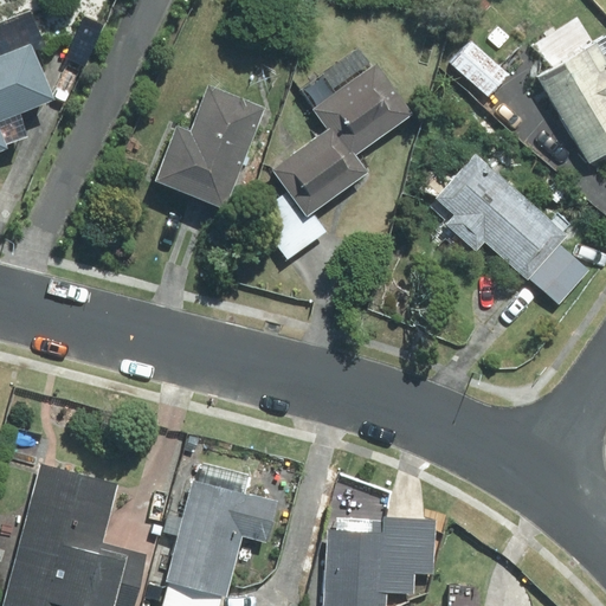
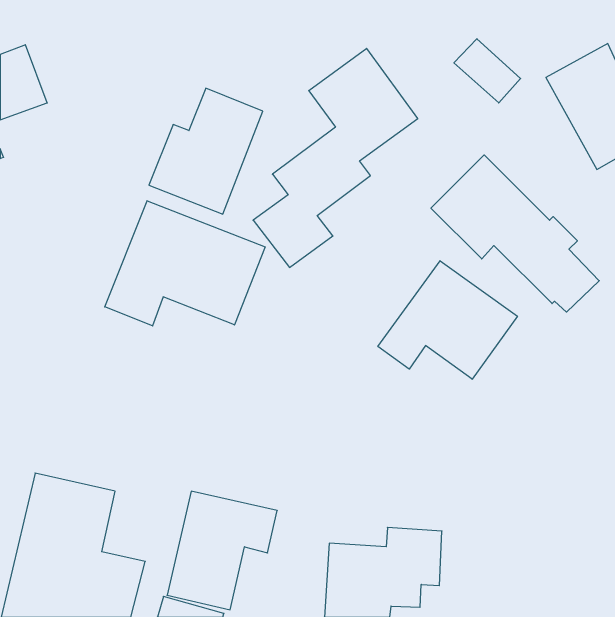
building: none -> [105,201,265,326]
building: none -> [378,261,517,379]

